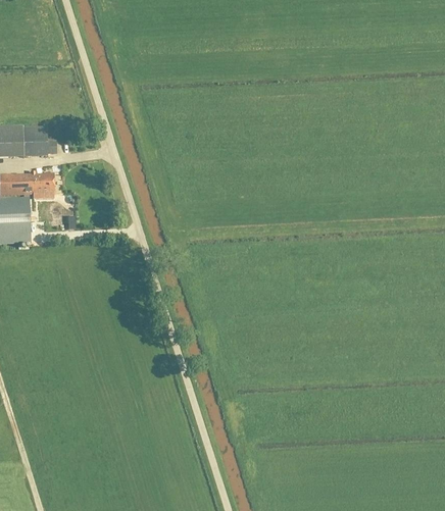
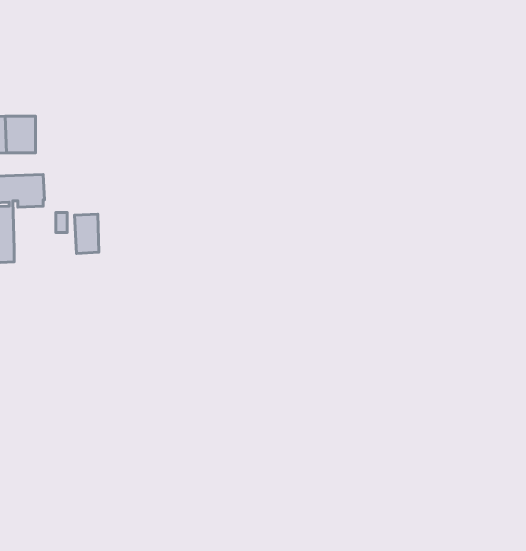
building: none -> [75,214,99,253]

